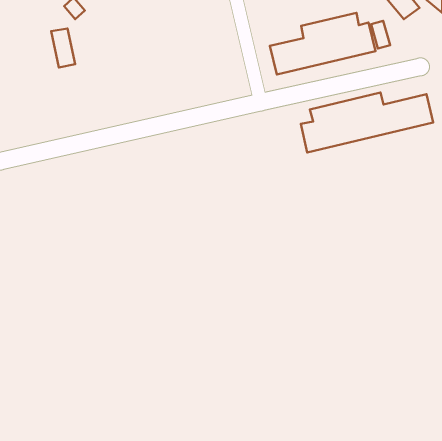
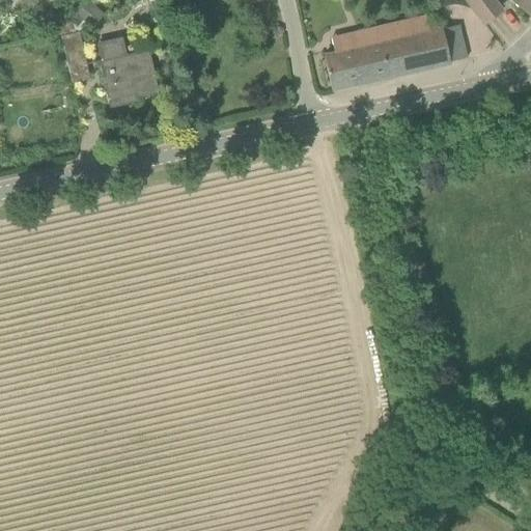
building: none -> [96,34,159,101]
building: [301,93,433,152] -> none

